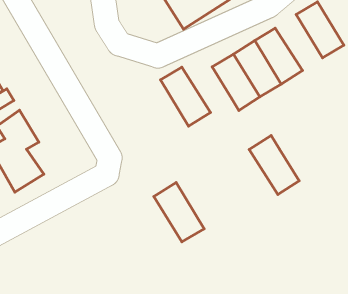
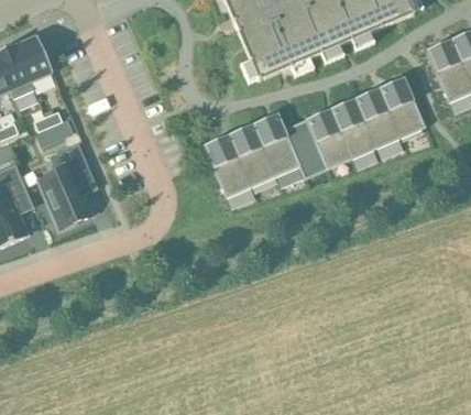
building: none -> [357,86,402,145]
building: [249,136,299,195] -> [253,112,300,175]
building: [154,183,204,242] -> [204,133,251,196]

